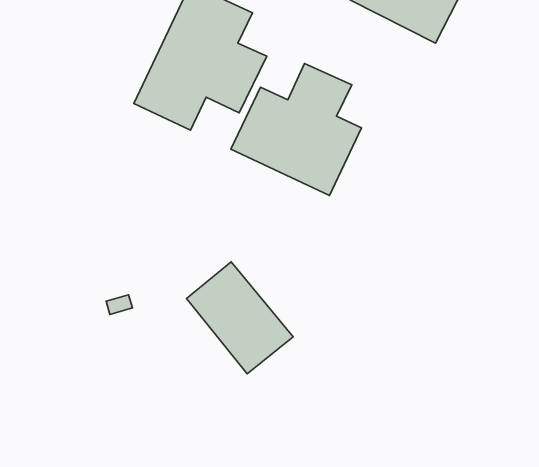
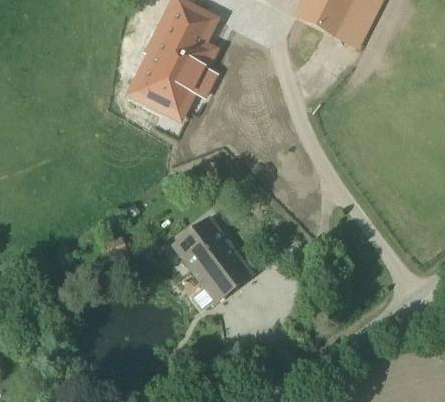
building: [231,64,362,196] -> none

